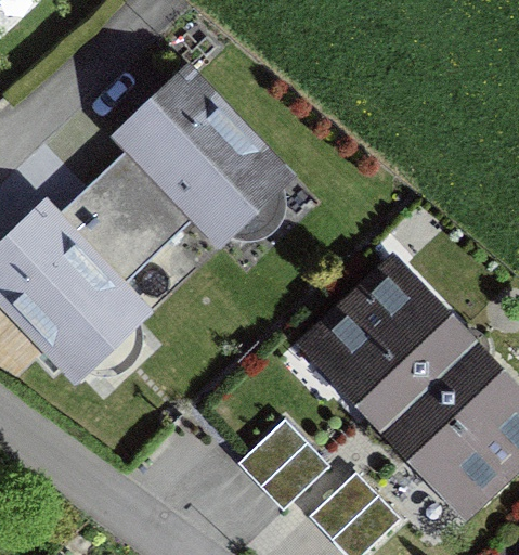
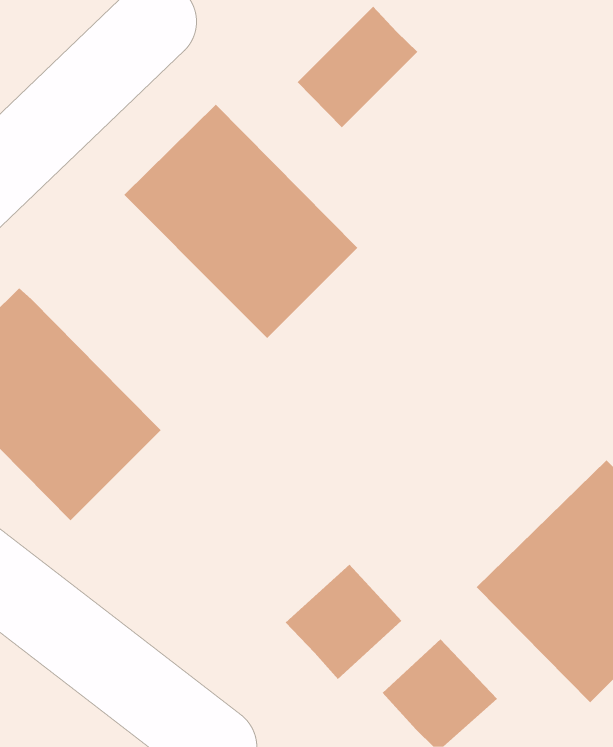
building: none -> [297,6,418,128]
building: [53,150,193,289] -> none
building: [295,254,477,434] -> none

